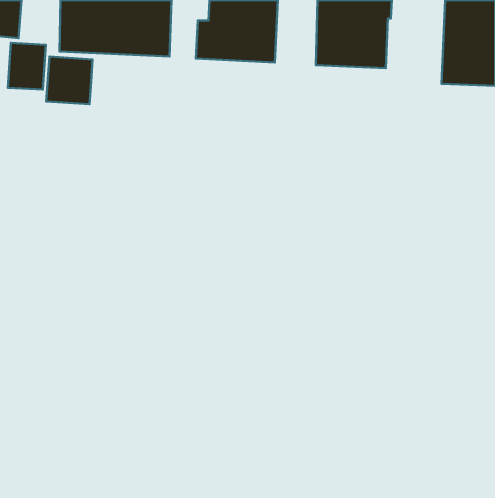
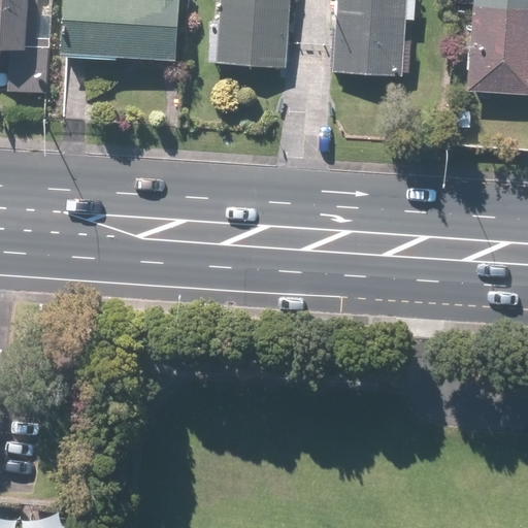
building: [46,57,93,104] -> none

